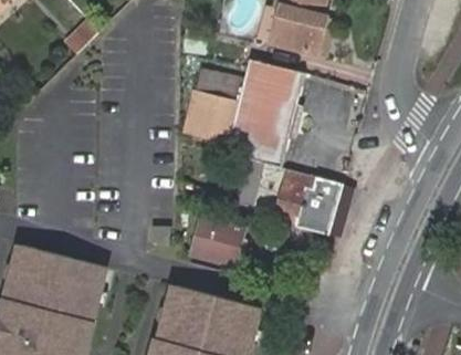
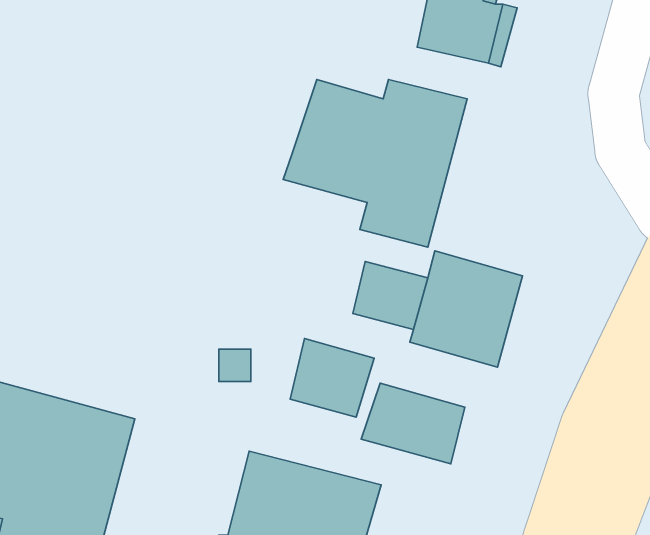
building: none -> [361,383,465,464]

